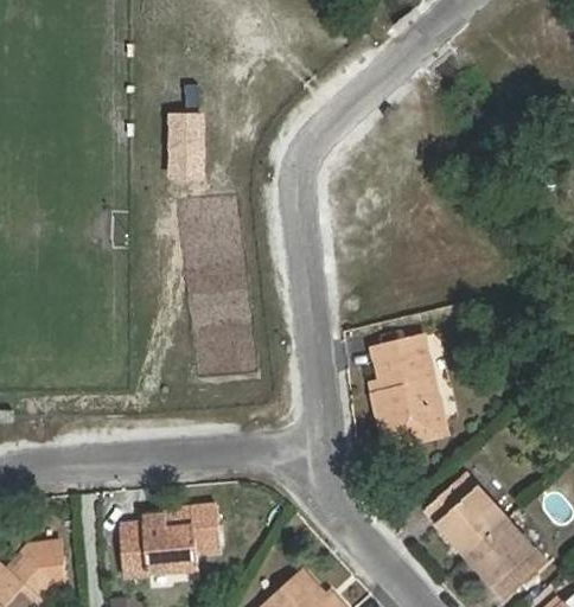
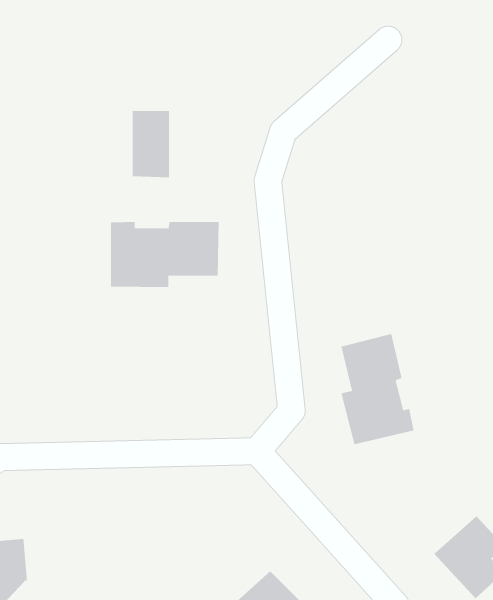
building: none -> [110,221,219,288]
building: [423,471,508,555] -> none
building: [120,505,222,575] -> none

